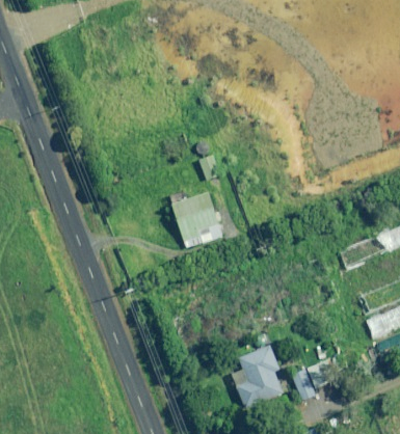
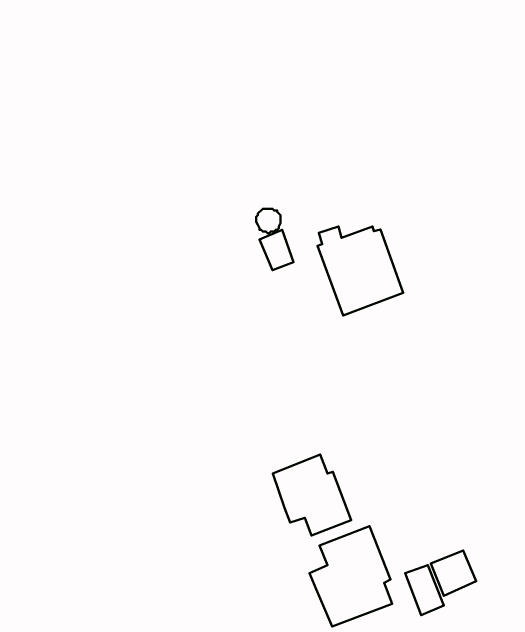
building: [169,191,224,248] -> [317,226,403,315]
building: none -> [273,455,351,535]

